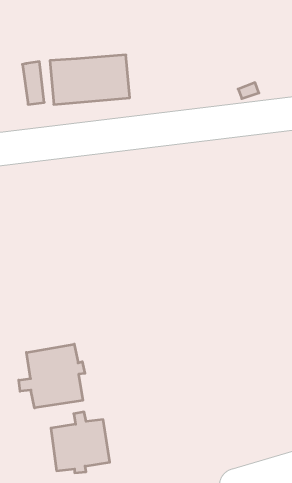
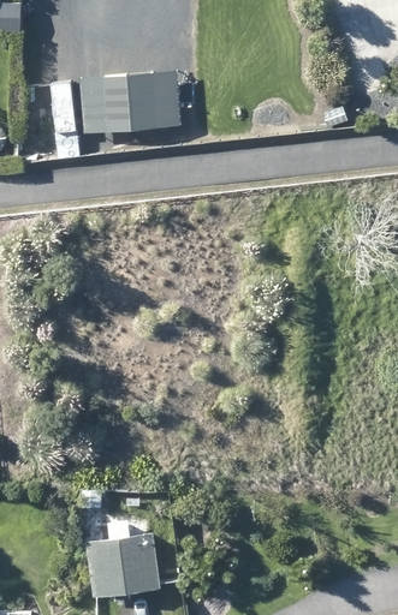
building: [19,344,85,408] -> none

